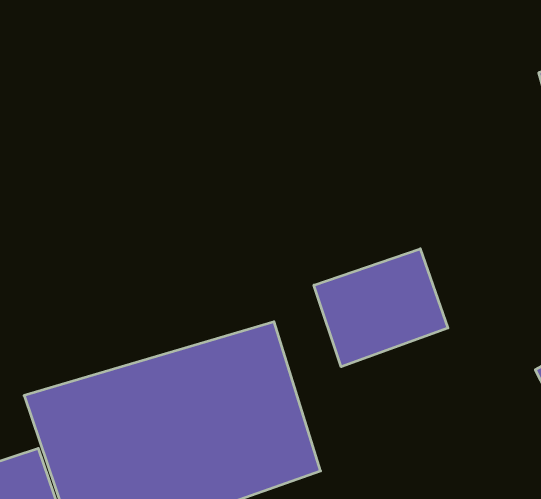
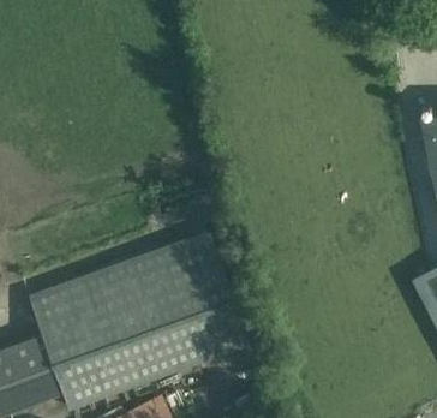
building: [314,249,448,367] -> none

